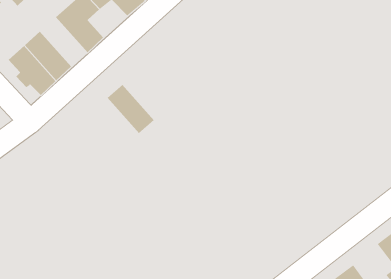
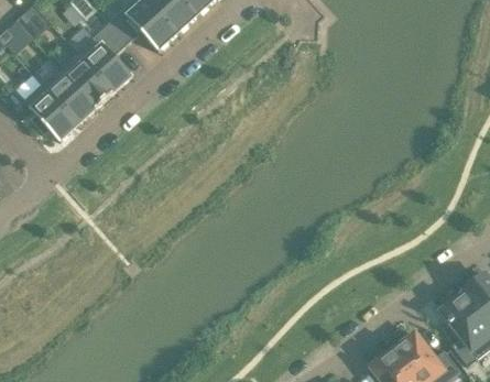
building: [107,84,154,134] -> [59,51,113,107]

